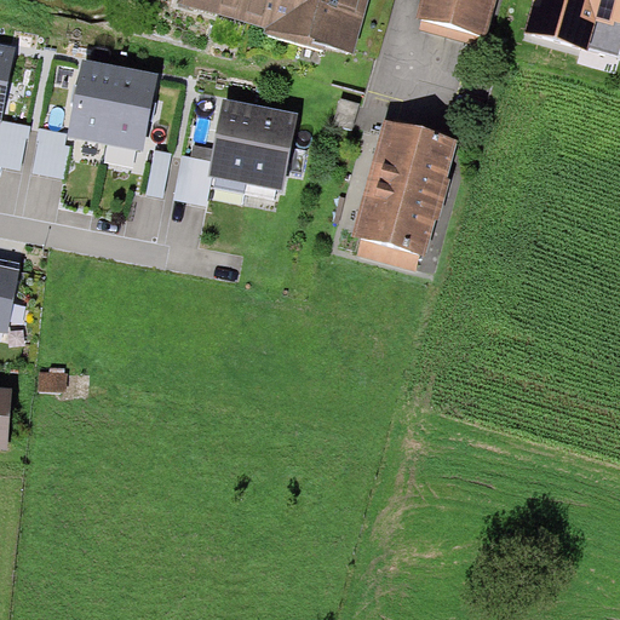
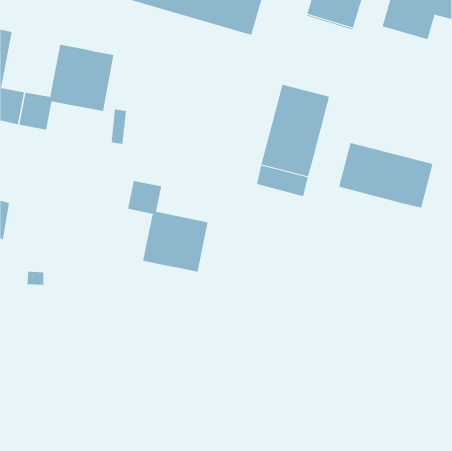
building: [173,103,297,202] -> none
building: none -> [338,142,433,208]
building: none -> [127,180,208,272]

